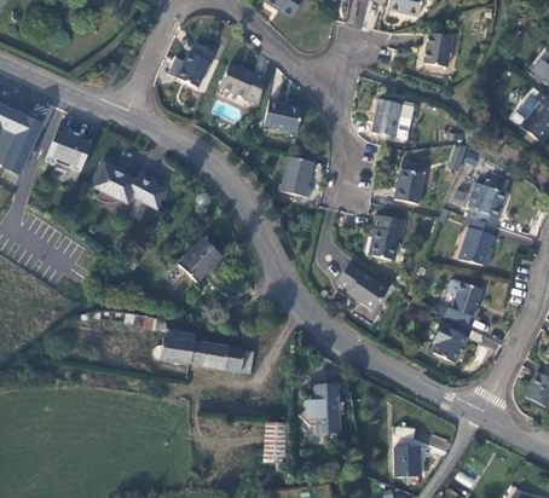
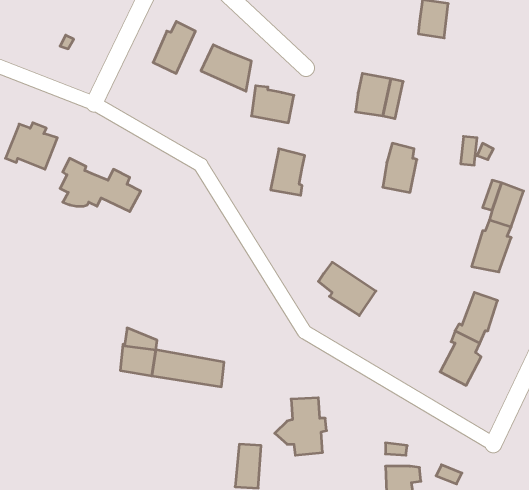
building: [365,210,395,255] -> none
building: [172,231,216,277] -> none

